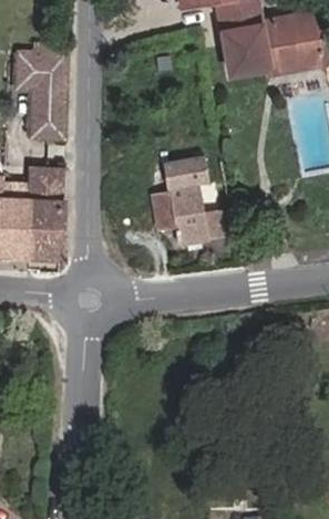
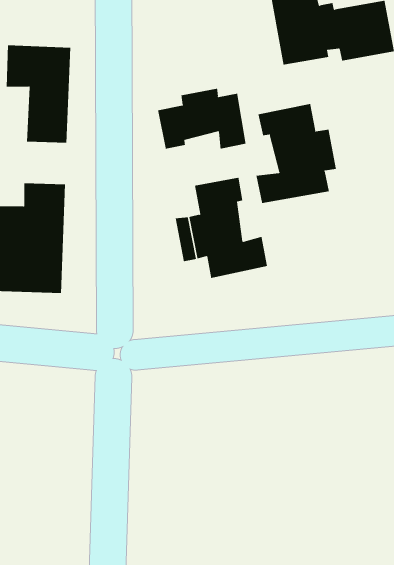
building: none -> [157,88,246,150]
building: none -> [256,103,337,204]

